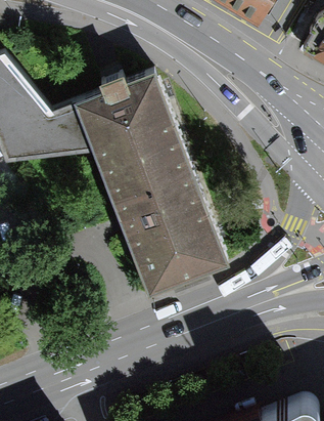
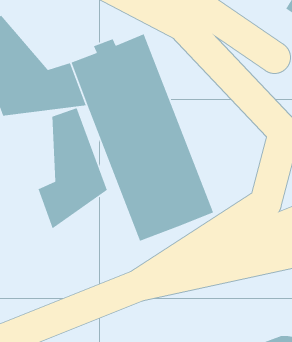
building: none -> [38,107,108,230]

